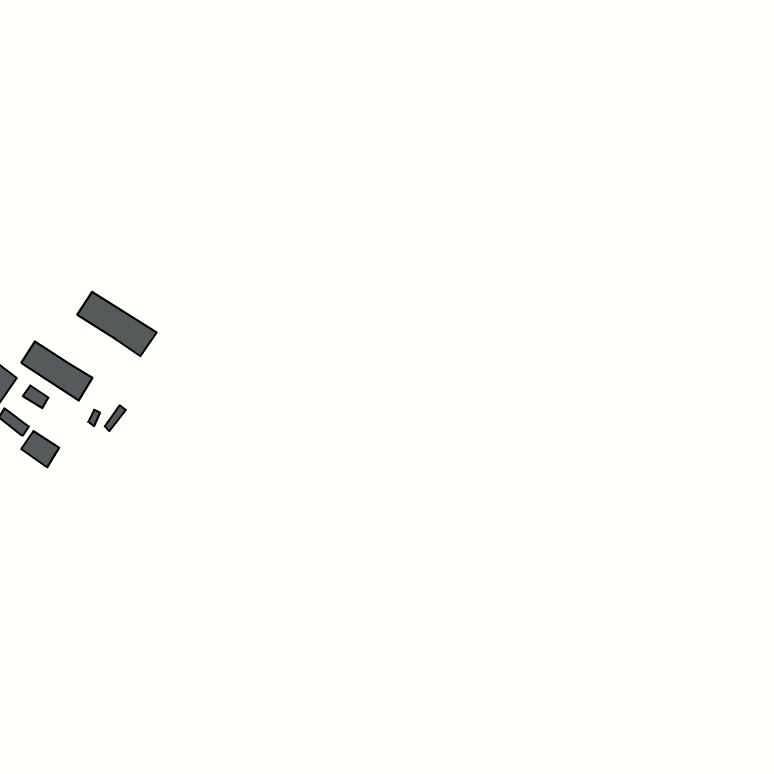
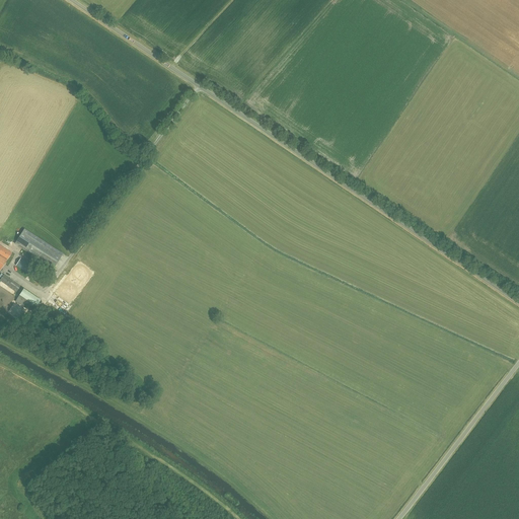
building: [77,292,157,356] -> none

